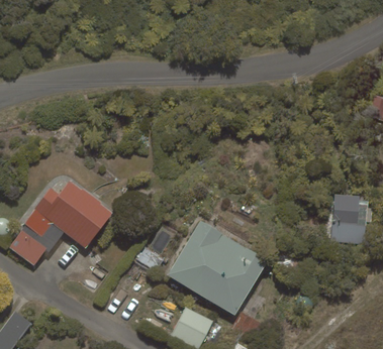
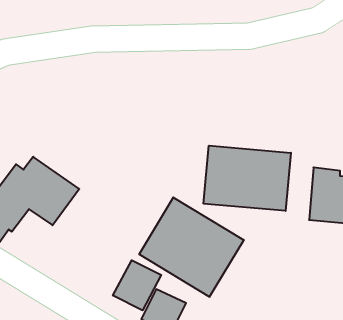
building: none -> [204,146,291,211]
building: none -> [113,260,161,310]

